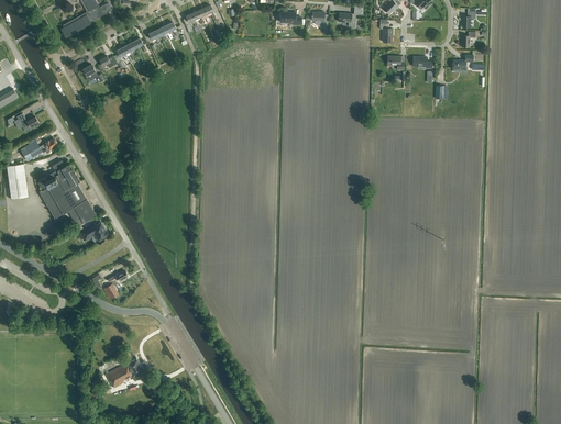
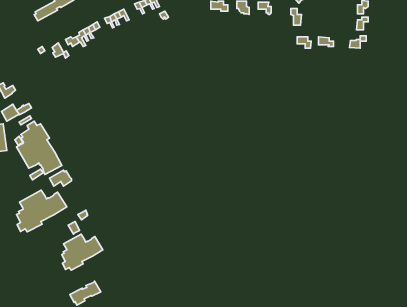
building: none -> [17,190,67,232]
building: none -> [62,234,103,270]

